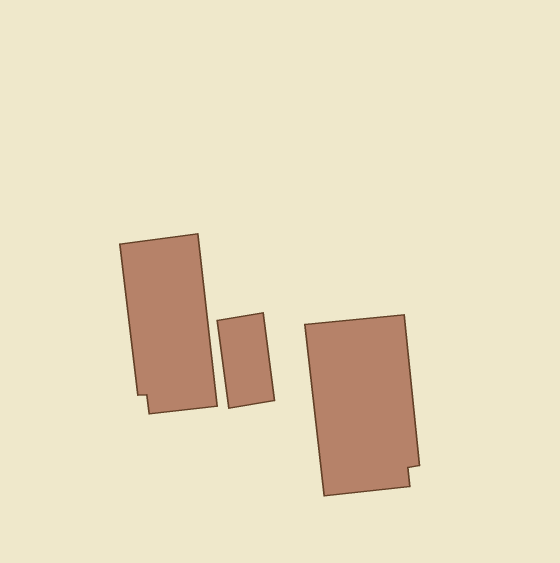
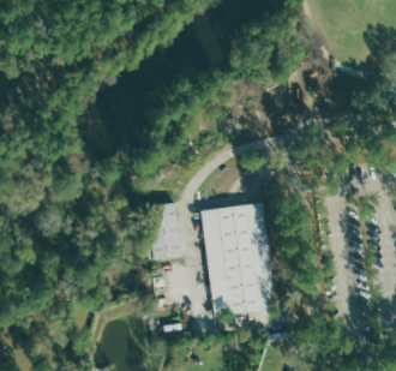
building: [120,234,217,414] -> none

